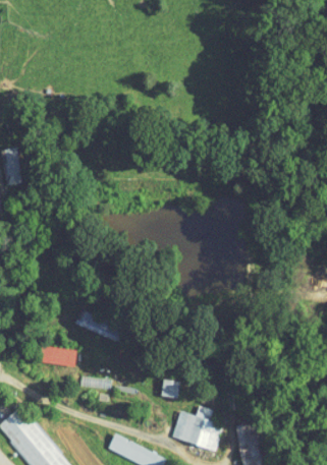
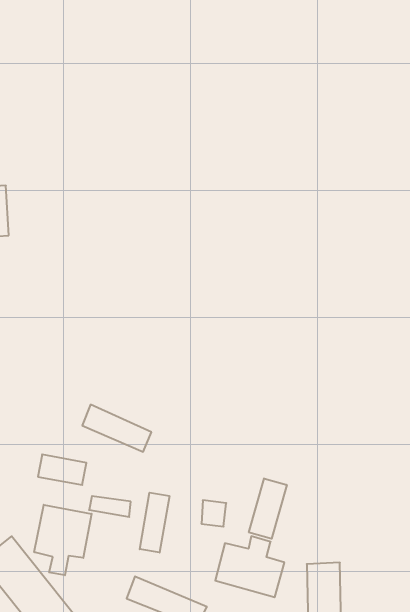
building: none -> [249,478,287,539]
building: none -> [140,493,169,553]
building: none -> [34,505,92,575]

